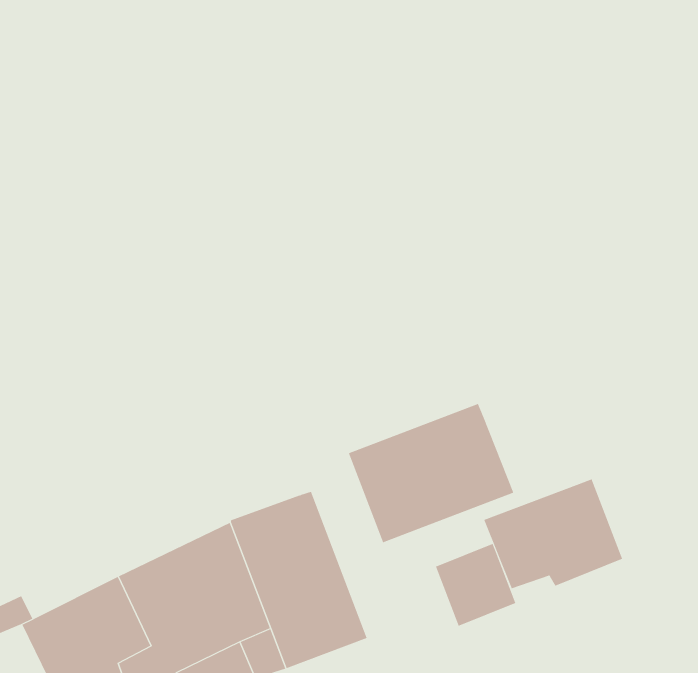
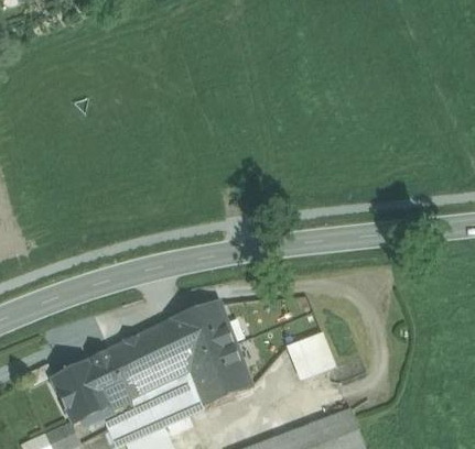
building: [348,403,514,543] -> none
building: [484,479,623,589] -> none

